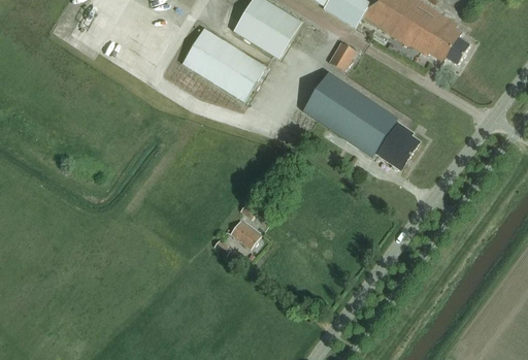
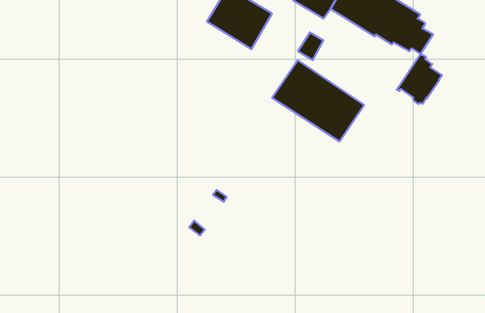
building: [180,28,265,102] -> none
building: [372,119,420,170] -> [397,54,442,104]
building: [229,219,260,247] -> none

